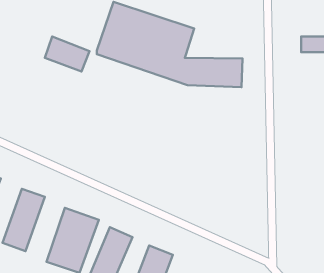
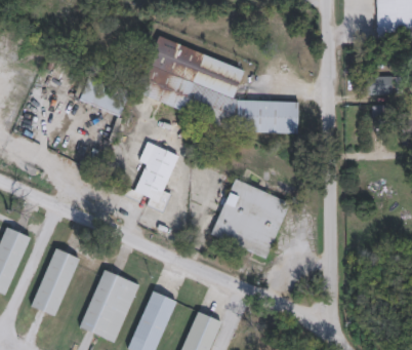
building: none -> [123,141,180,209]
building: none -> [210,179,290,258]

